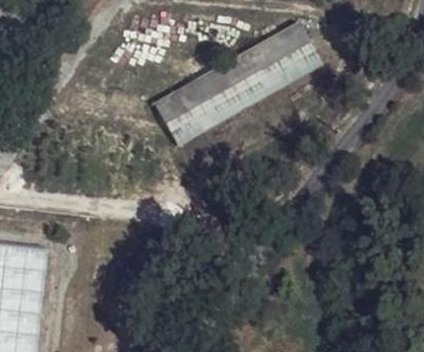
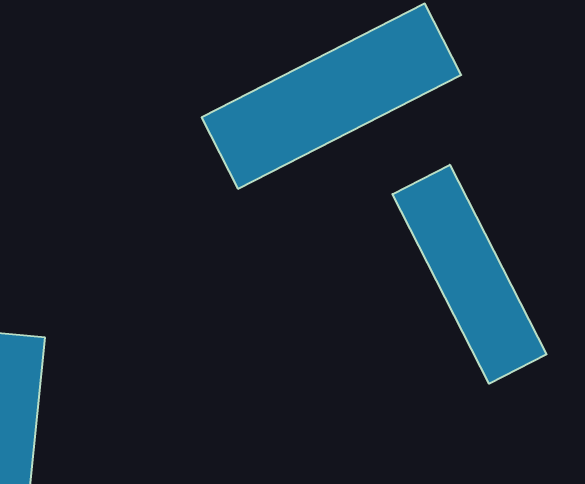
building: none -> [392,165,547,384]

